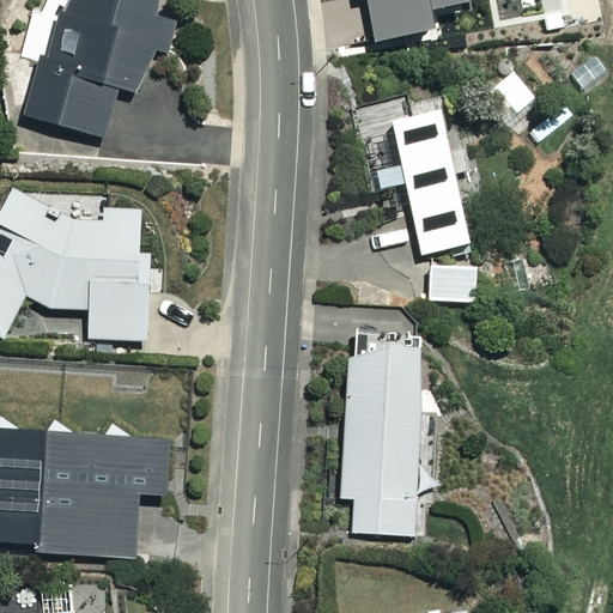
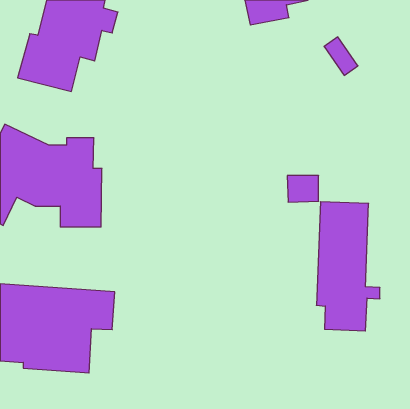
building: [390,107,468,254] -> none
building: [341,344,436,536] -> [316,202,380,331]

